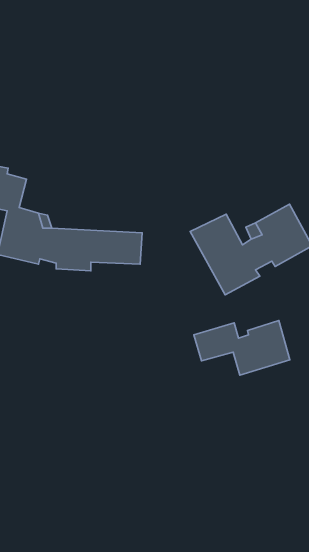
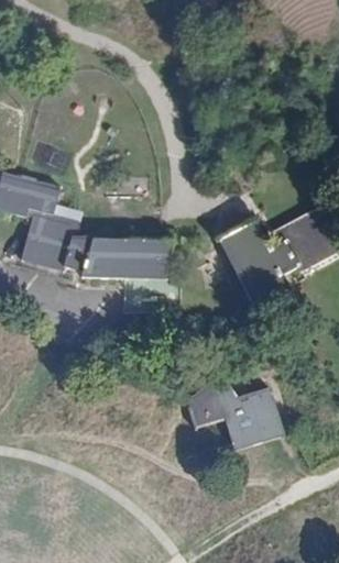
building: [194,321,290,375] -> [186,389,283,444]

